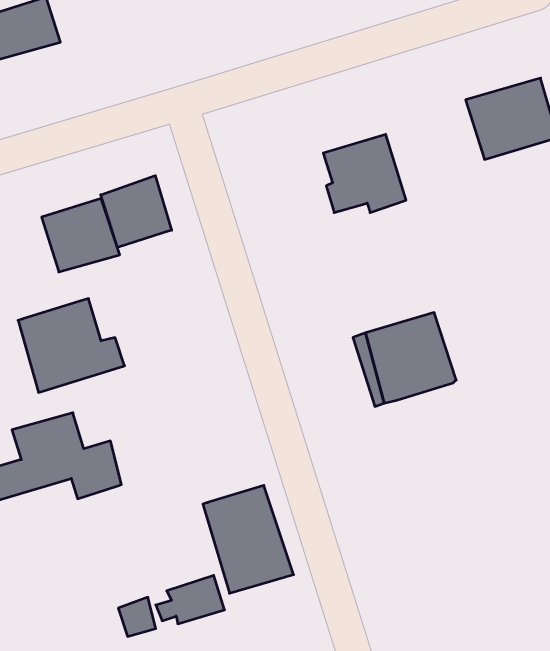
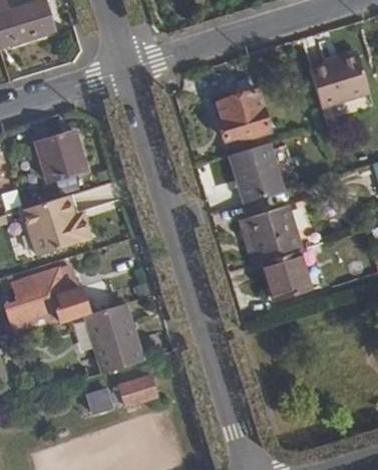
building: [101,176,172,247] -> none
building: none -> [230,146,282,204]
building: none -> [266,249,314,298]
building: [203,485,294,593] -> [86,303,144,373]

